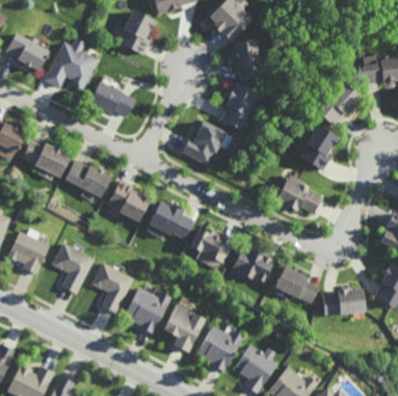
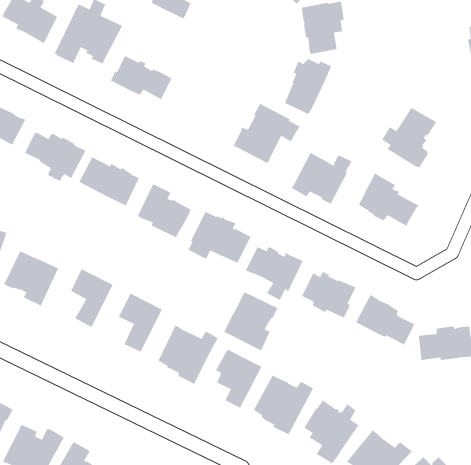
building: [317,83,357,123] -> none
building: none -> [291,152,353,205]
building: none -> [223,291,278,351]

